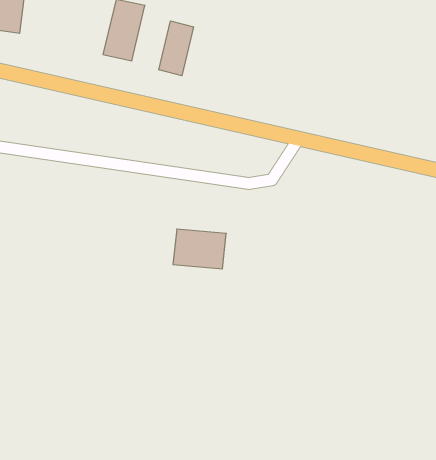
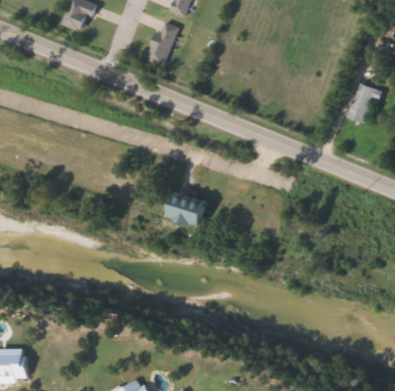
building: [159,21,194,76] -> none
building: none -> [347,82,378,123]

